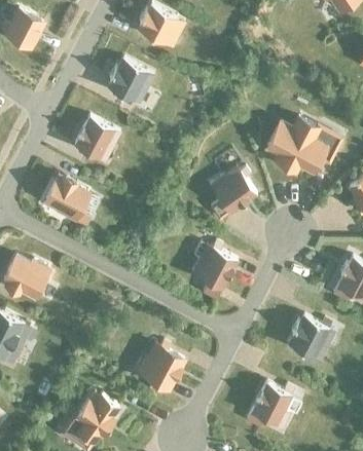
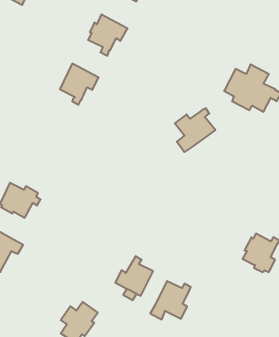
building: [44,178,92,226] -> none
building: [191,242,237,300] -> none
building: [246,383,293,428] -> [150,281,191,320]

